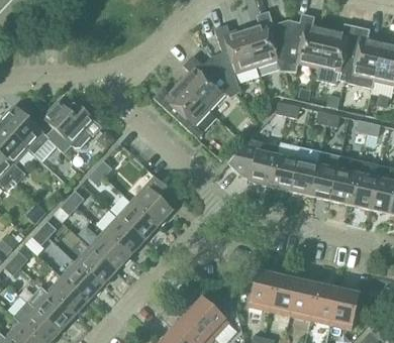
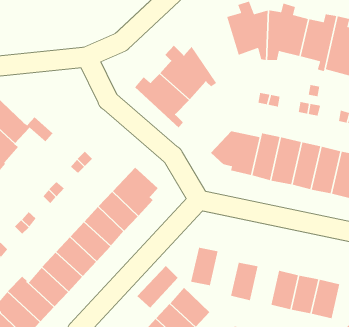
building: [210,24,257,94] -> none
building: [42,101,101,147] -> none
building: none -> [137,265,179,308]
building: [269,276,297,316] -> [190,247,219,286]

